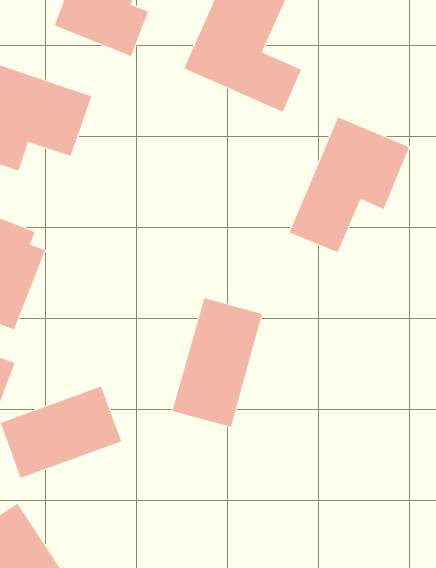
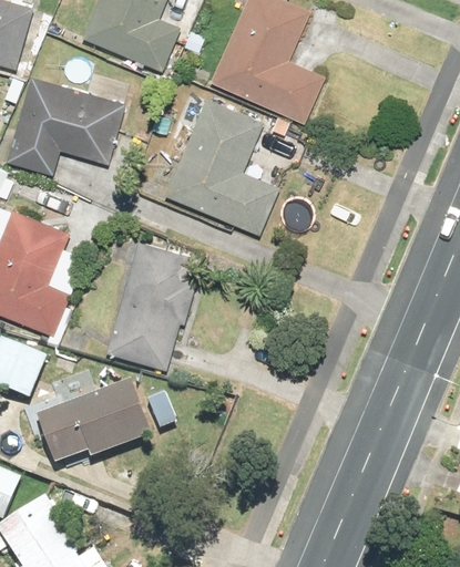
building: none -> [165,99,276,231]
building: [289,116,410,253] -> none
building: [171,298,263,427] -> [106,240,194,364]

